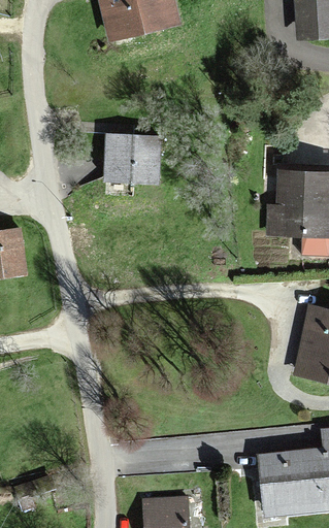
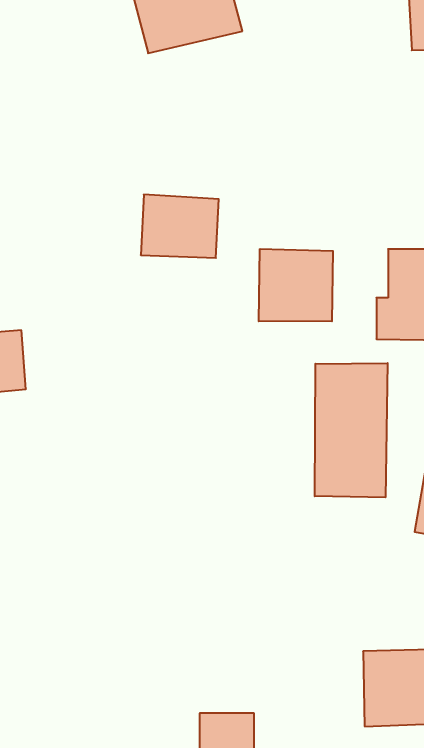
building: none -> [259,249,333,321]
building: none -> [315,363,388,497]

